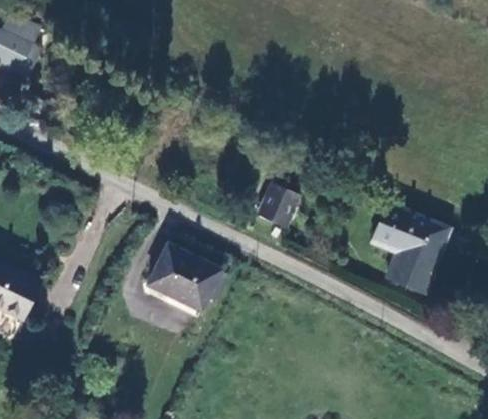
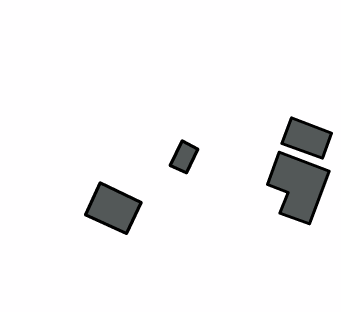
building: none -> [282,118,332,158]

